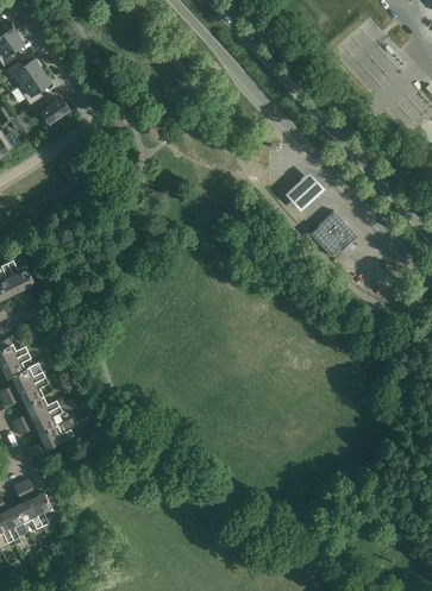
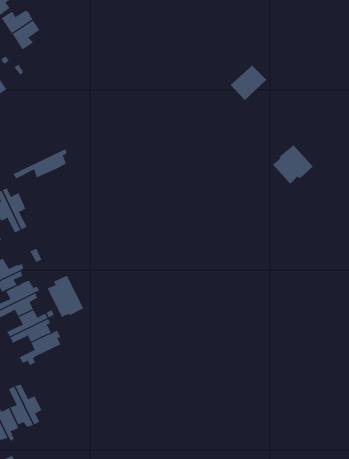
building: [31,98,68,125] -> none
building: [284,171,326,212] -> [230,65,267,101]
building: none -> [12,149,67,179]
building: none -> [47,275,84,318]

